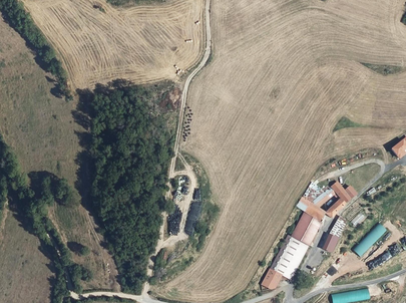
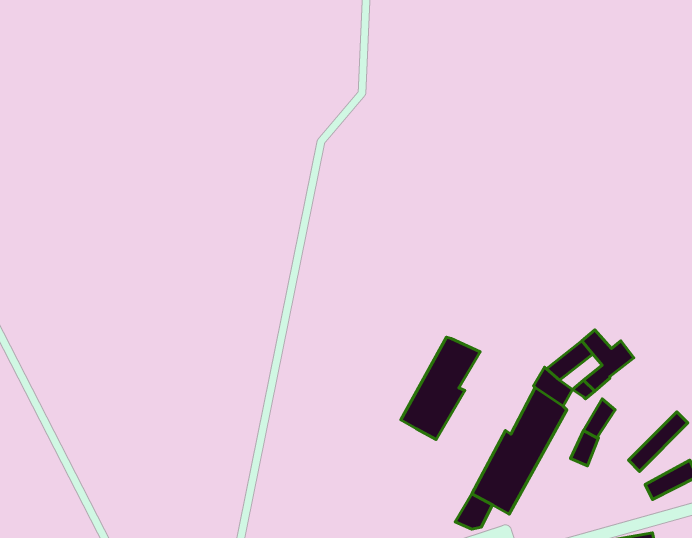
building: none -> [401,337,480,440]

